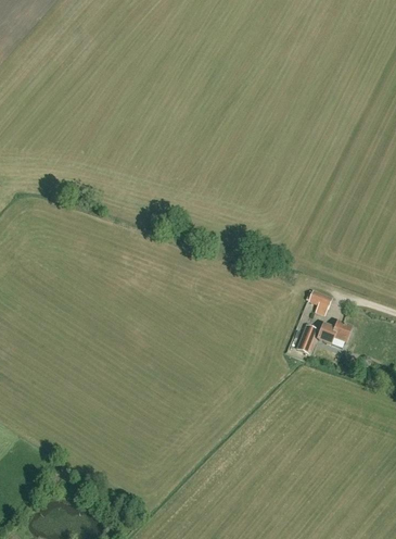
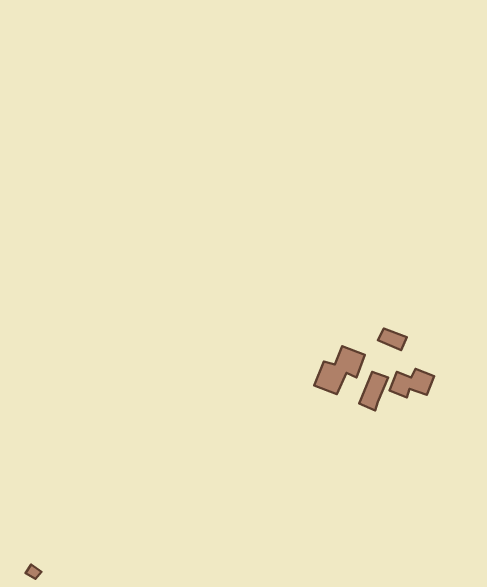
building: none -> [314,346,365,394]

